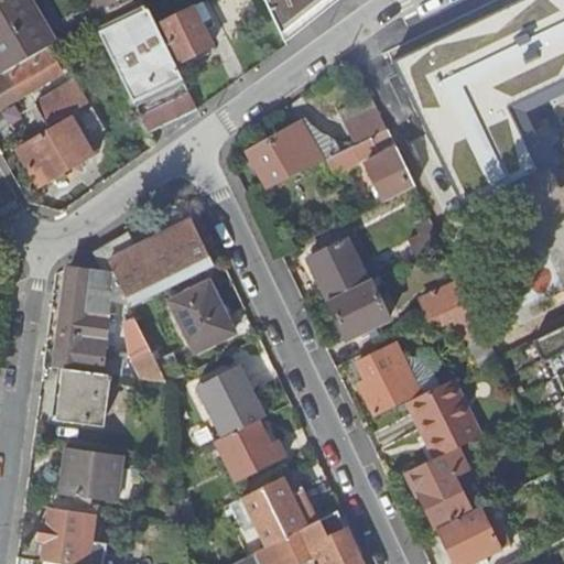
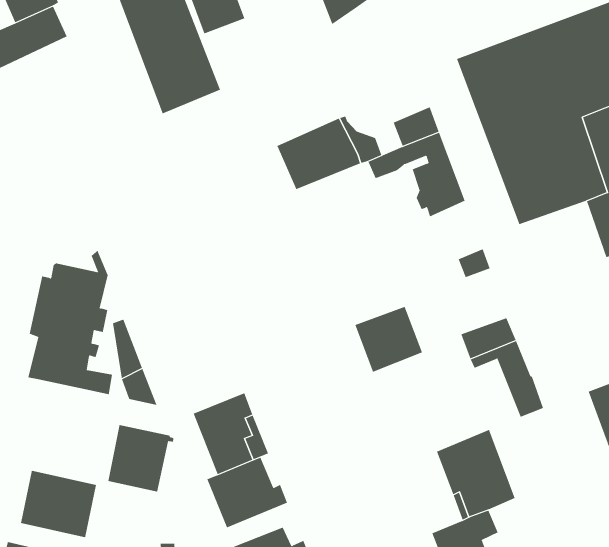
building: [34,82,86,126] -> none
building: [18,107,99,183] -> none
building: [102,220,213,307] -> none
building: [308,232,379,299] -> none
building: [171,284,232,350] -> none
building: [358,341,421,412] -> none
building: [55,369,109,424] -> [108,424,174,492]

